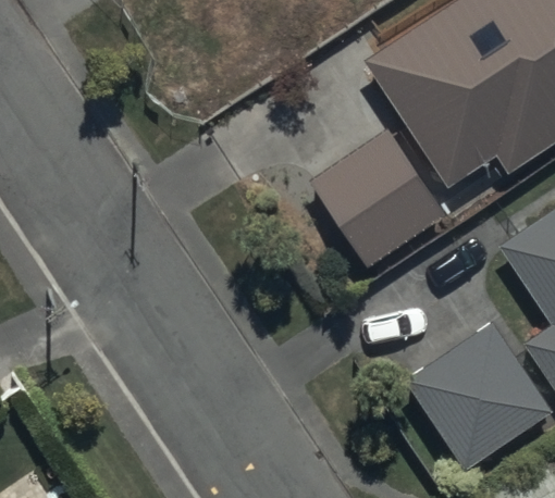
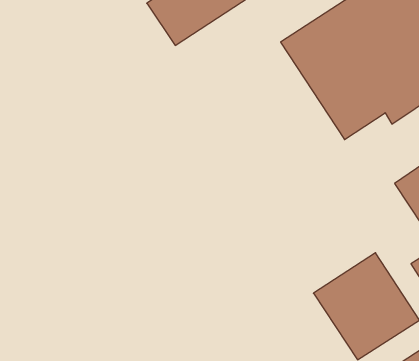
building: [312,136,440,264] -> none

